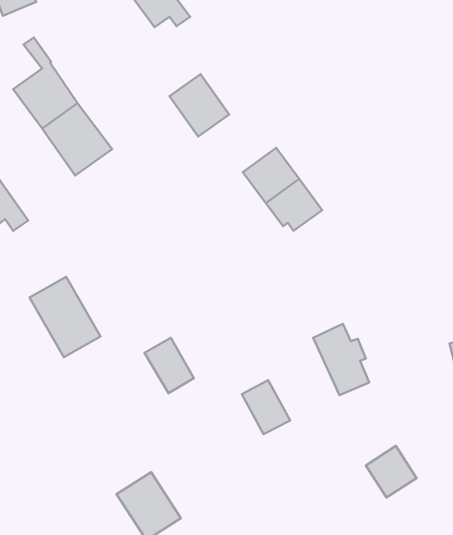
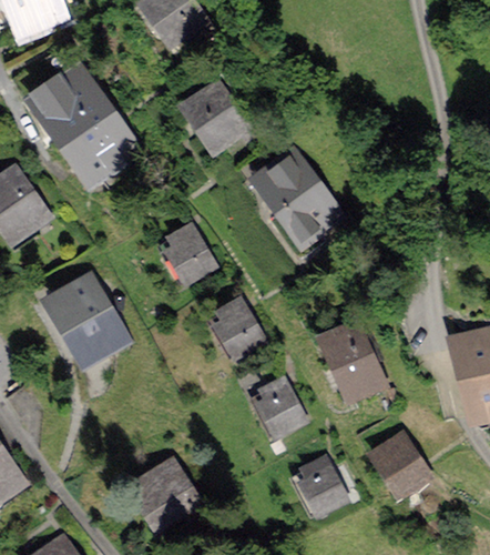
building: none -> [164,223,212,278]
building: [144,338,194,393] -> [213,299,261,352]
building: none -> [297,457,344,511]

